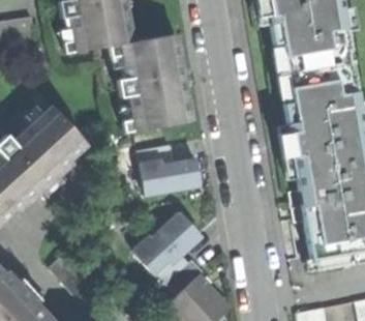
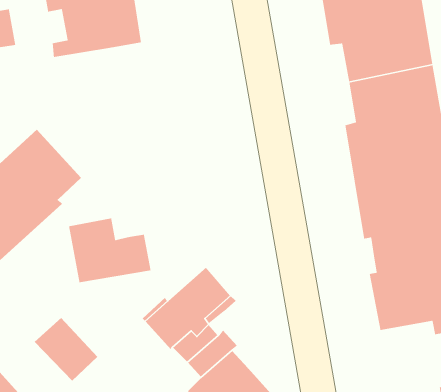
building: [110,34,193,133] -> none
building: [139,146,202,196] -> [68,217,151,283]

